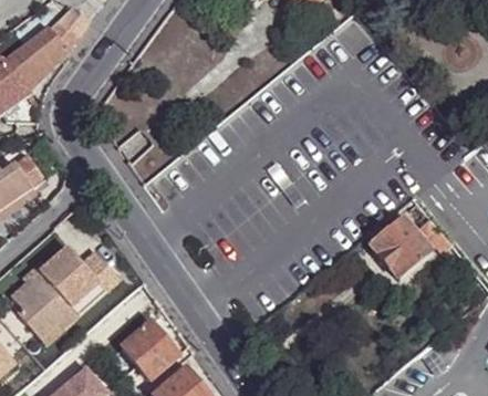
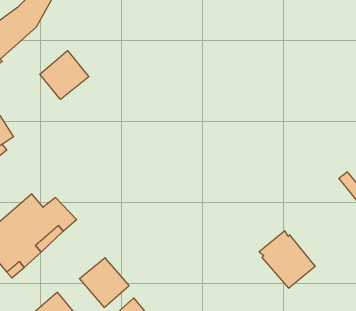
building: none -> [40,51,89,99]
building: [366,211,432,278] -> [259,231,315,288]

